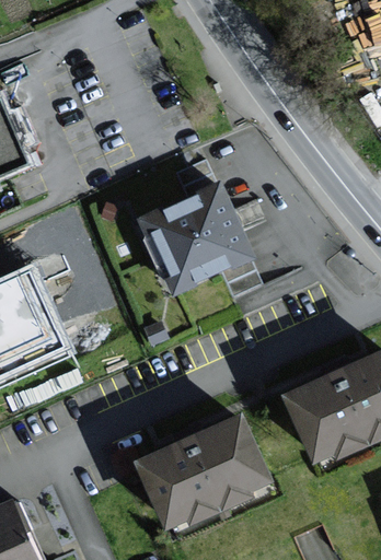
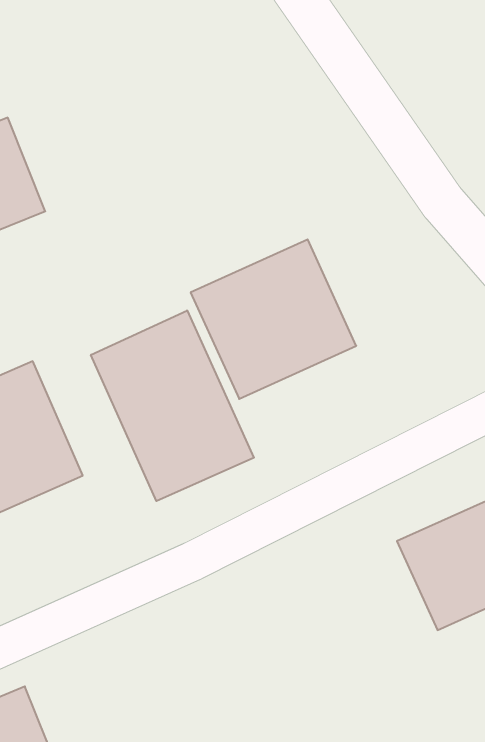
building: none -> [91,310,254,501]
building: [136,416,263,524] -> none

